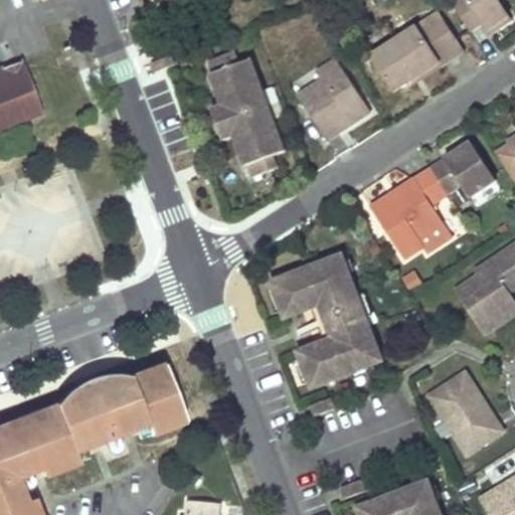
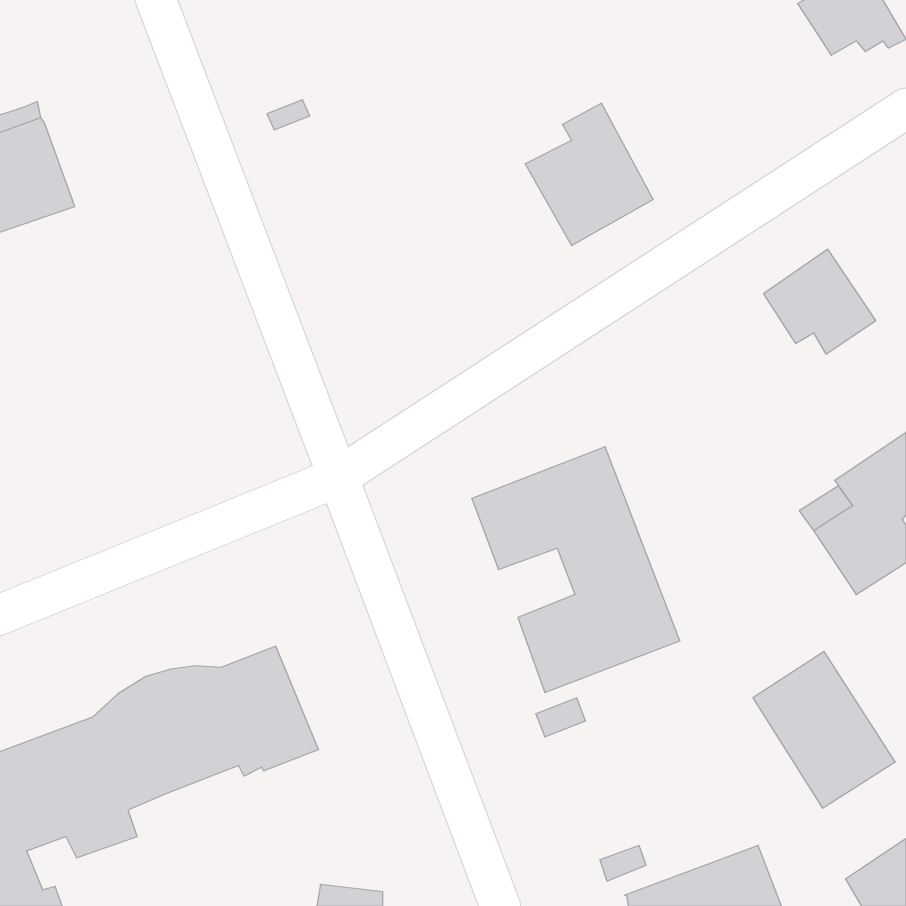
building: [369,12,465,89] -> none
building: [204,51,286,179] -> none
building: [373,166,459,253] -> none

